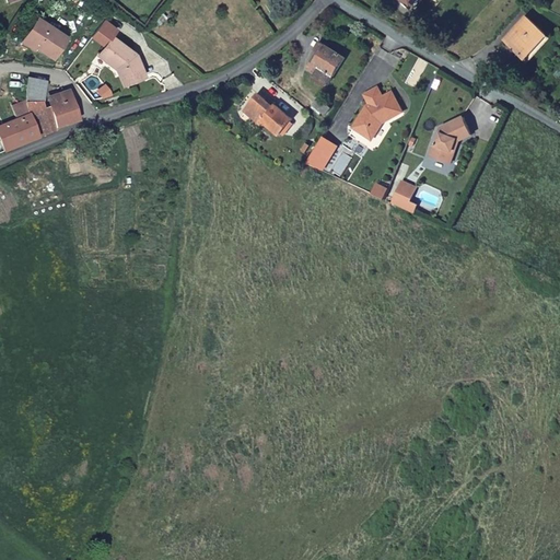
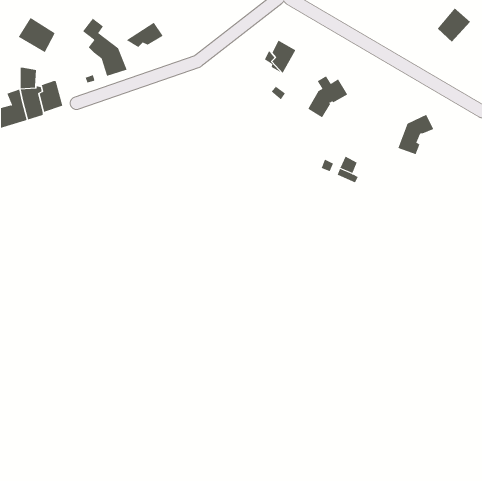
building: none -> [126,22,164,48]
building: [242,95,292,137] -> none
building: [429,115,471,162] -> [397,114,434,155]
building: [304,139,334,171] -> none

